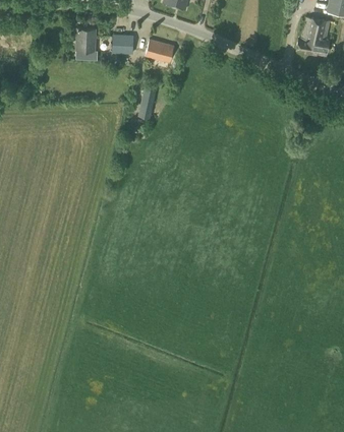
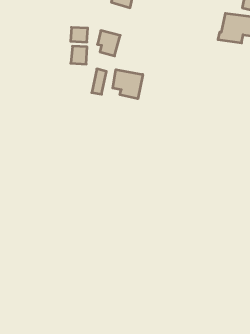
building: [74,28,95,51] -> [71,46,87,64]
building: none -> [113,70,143,99]

